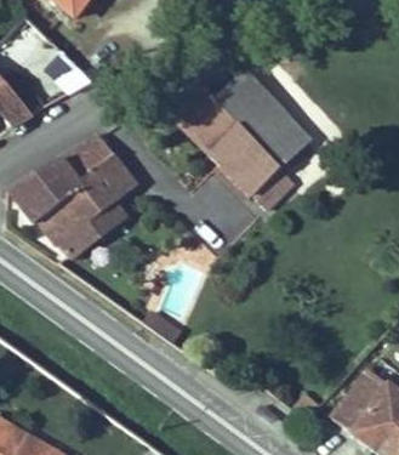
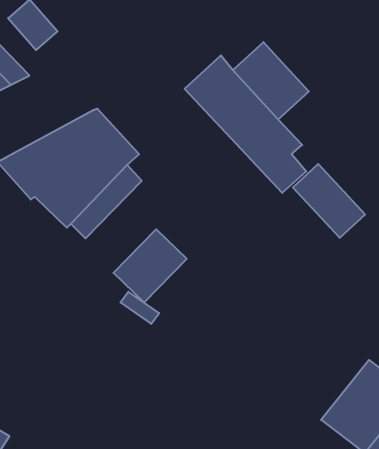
building: none -> [293,164,365,238]
building: none -> [113,229,187,303]

